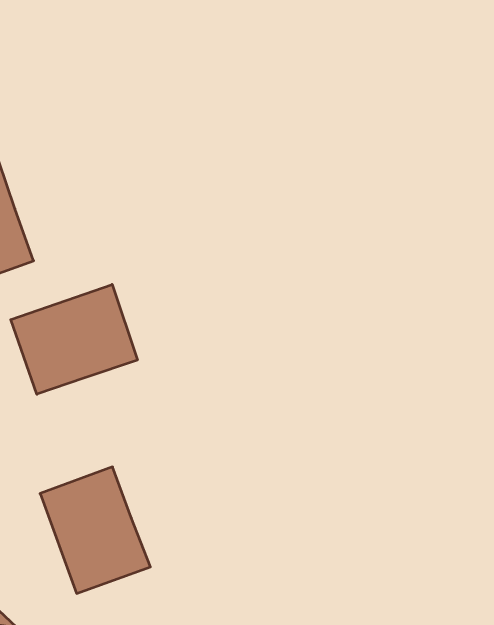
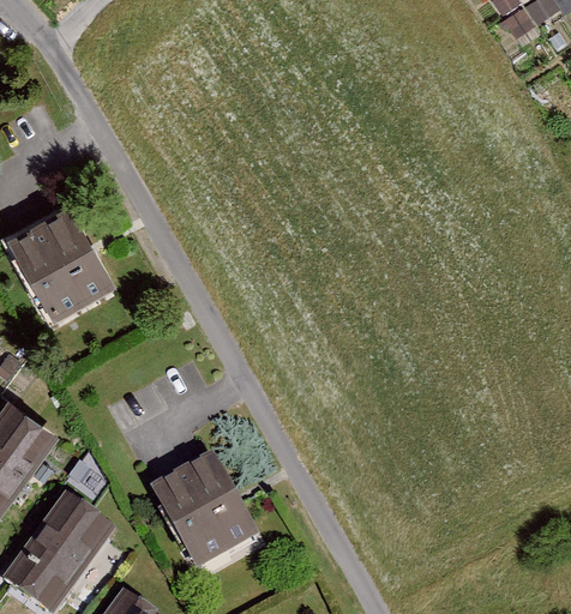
building: [11,284,137,394] -> none

